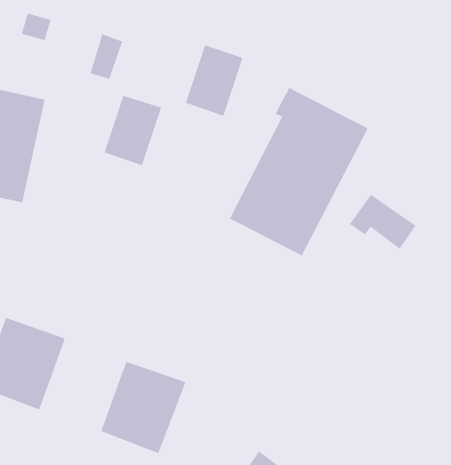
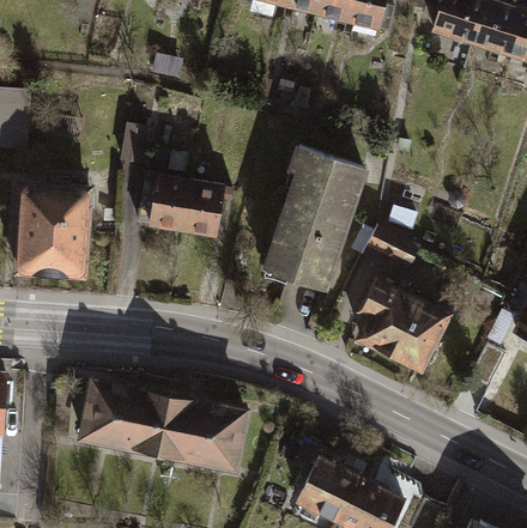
building: [185,44,244,117] -> [182,178,225,237]
building: none -> [353,273,454,376]
building: none -> [129,387,195,461]

